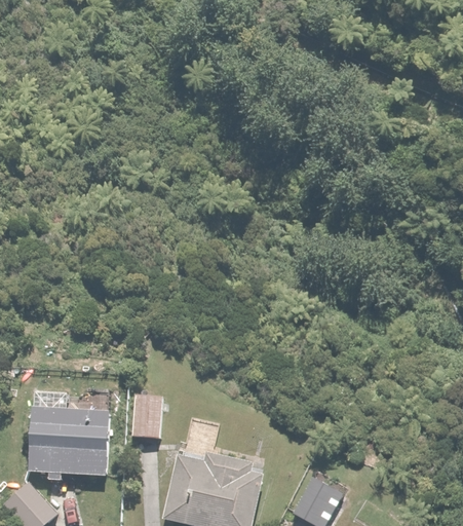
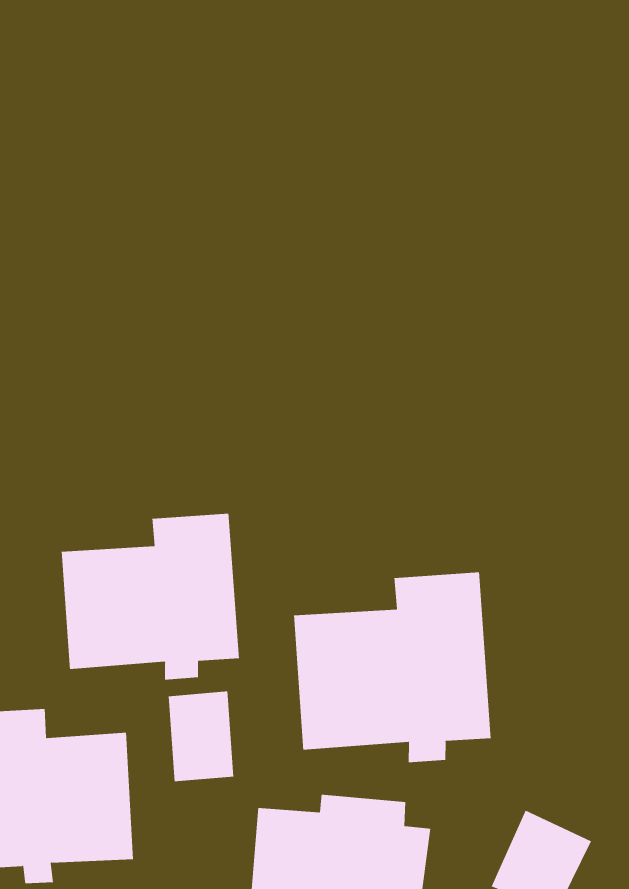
building: none -> [61,513,239,681]
building: none -> [293,572,491,763]

